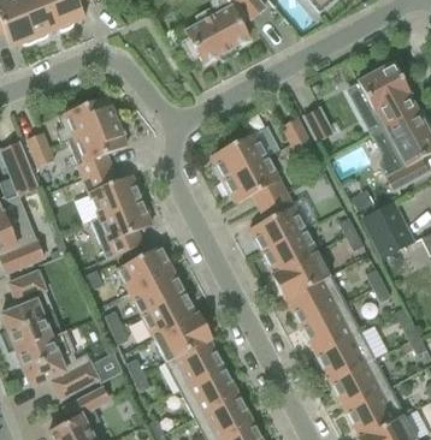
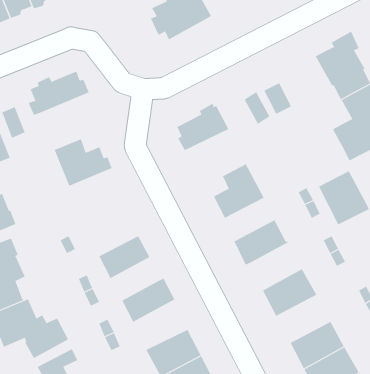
building: [69,118,126,178] -> none
building: [220,156,285,206] -> none
building: [91,197,152,257] -> none
building: [262,228,315,273] -> none
building: [118,245,172,290] -> none
building: [288,275,344,326] -> none
building: [142,291,196,337] -> none
building: [317,331,374,381] -> none
building: [165,335,224,388] -> none

